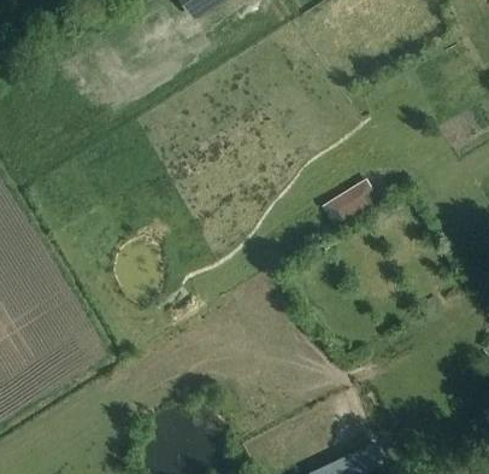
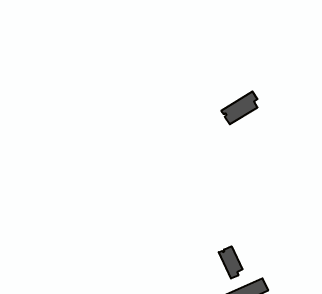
building: none -> [219,246,243,279]

